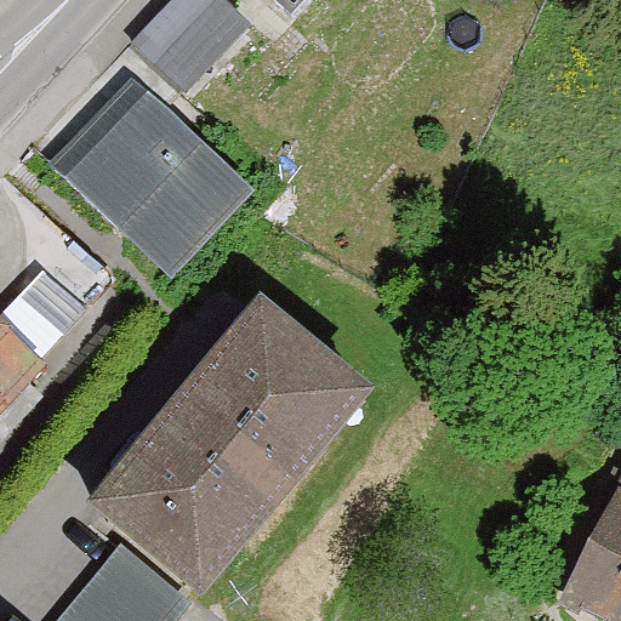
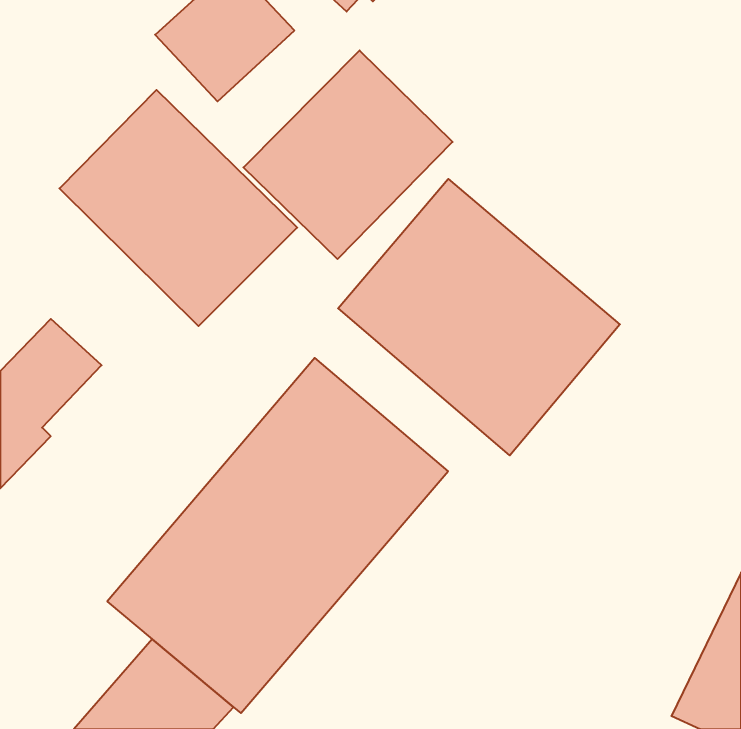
building: none -> [243,50,453,259]
building: none -> [338,179,620,455]

